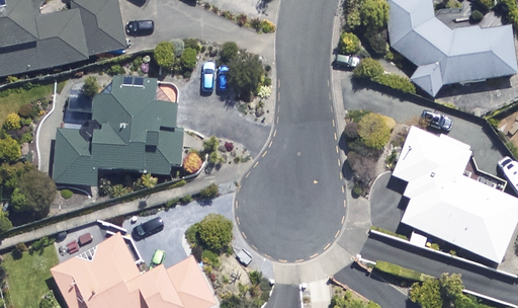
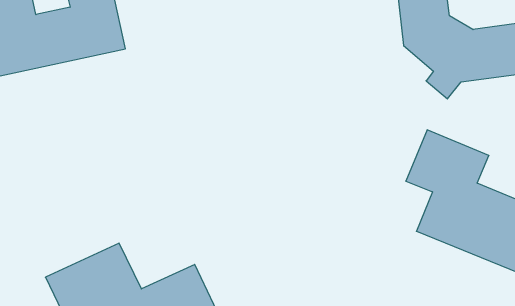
building: [55,86,182,184] -> none

